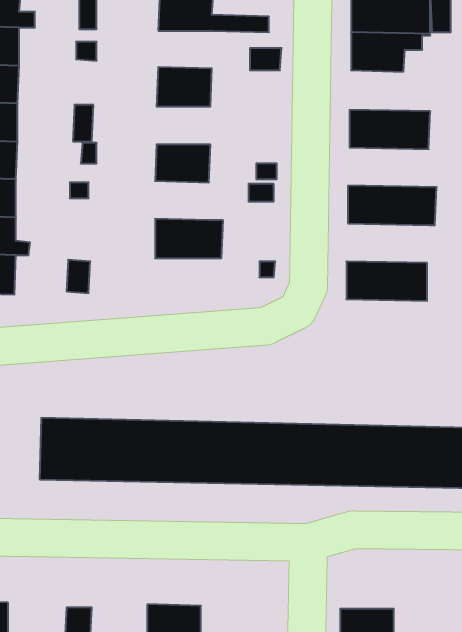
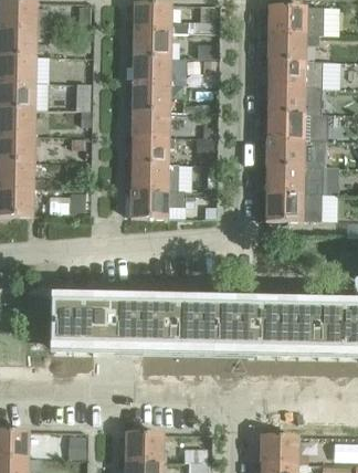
building: none -> [133,31,170,57]
building: none -> [266,59,323,87]
building: none -> [131,84,169,111]
building: none -> [265,113,329,140]
building: none -> [130,136,172,164]
building: none -> [264,166,322,193]
building: none -> [129,190,183,218]

